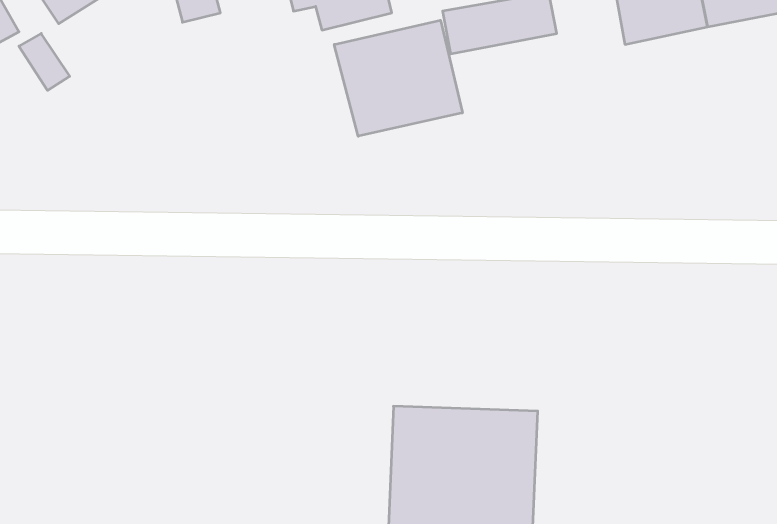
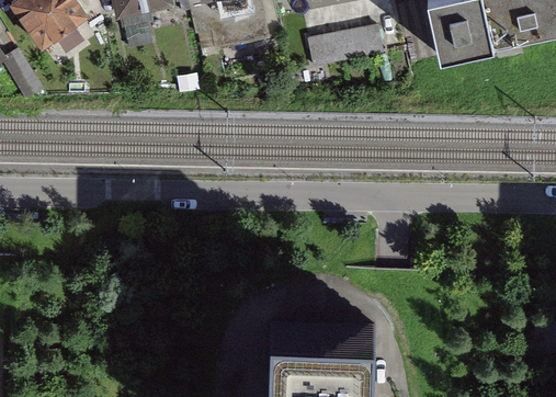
building: [334,20,462,136] -> none

